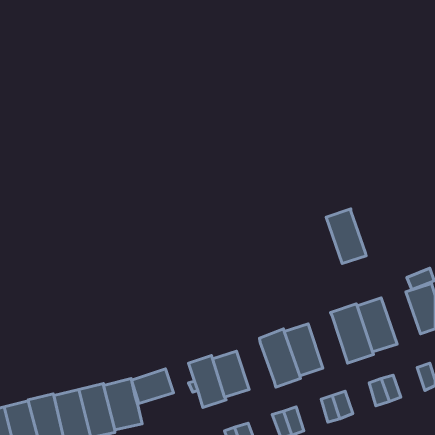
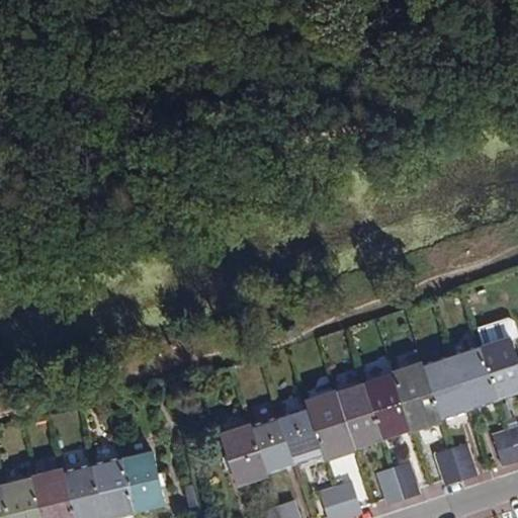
building: [326,209,366,263] -> [450,345,498,410]
building: none -> [364,376,410,438]
building: none -> [279,408,324,463]
building: [131,369,173,403] -> none

